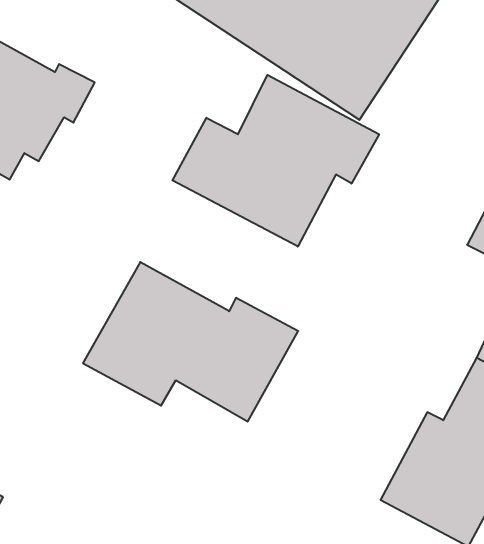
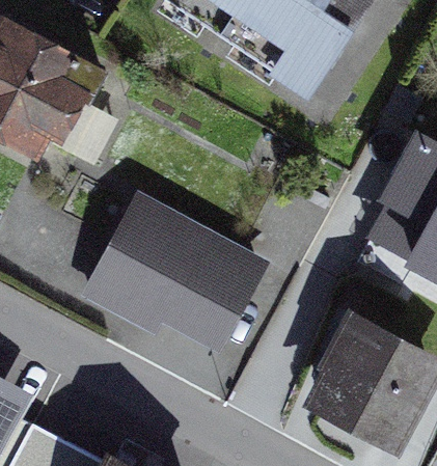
building: [172,75,379,247] -> none

